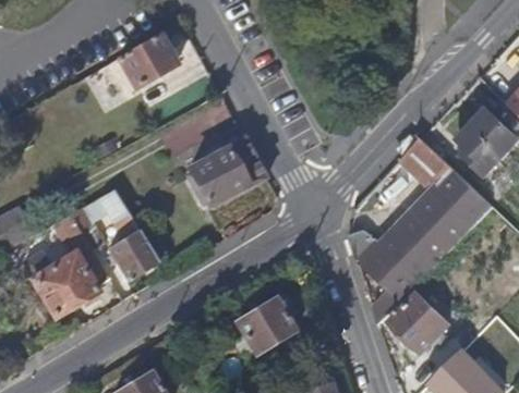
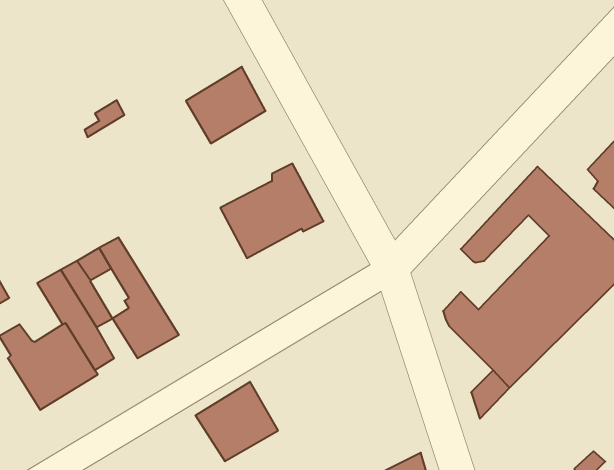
building: [114,30,173,87] -> [186,67,266,143]
building: [393,291,452,353] -> none
building: [233,297,294,356] -> [195,382,278,461]

